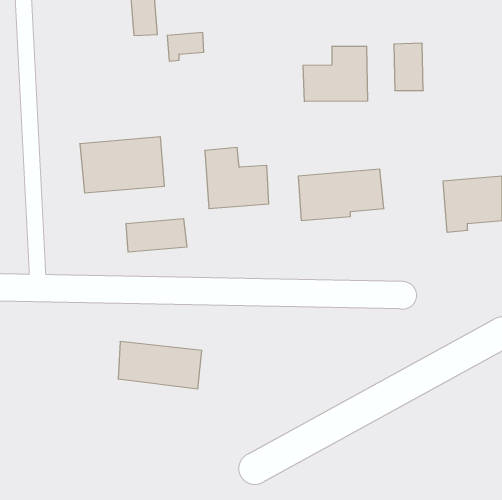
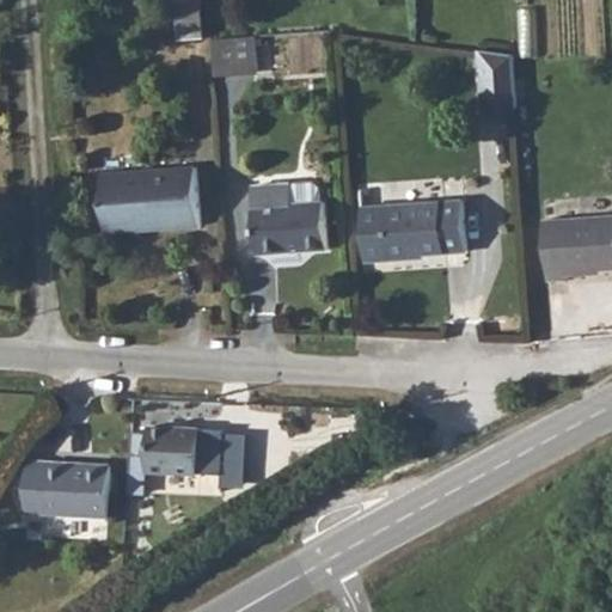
building: [303,46,368,102] -> none
building: [126,219,187,252] -> none
building: none -> [20,461,112,519]

